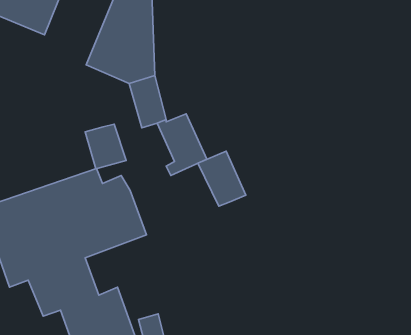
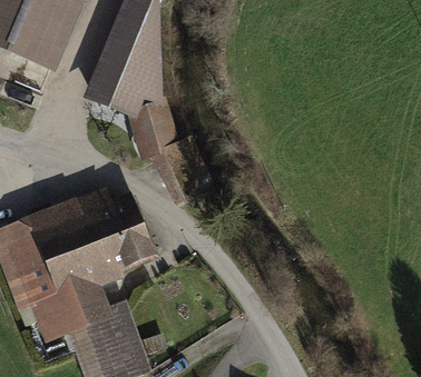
building: [85,124,126,169] -> none
building: [198,151,246,206] -> none

